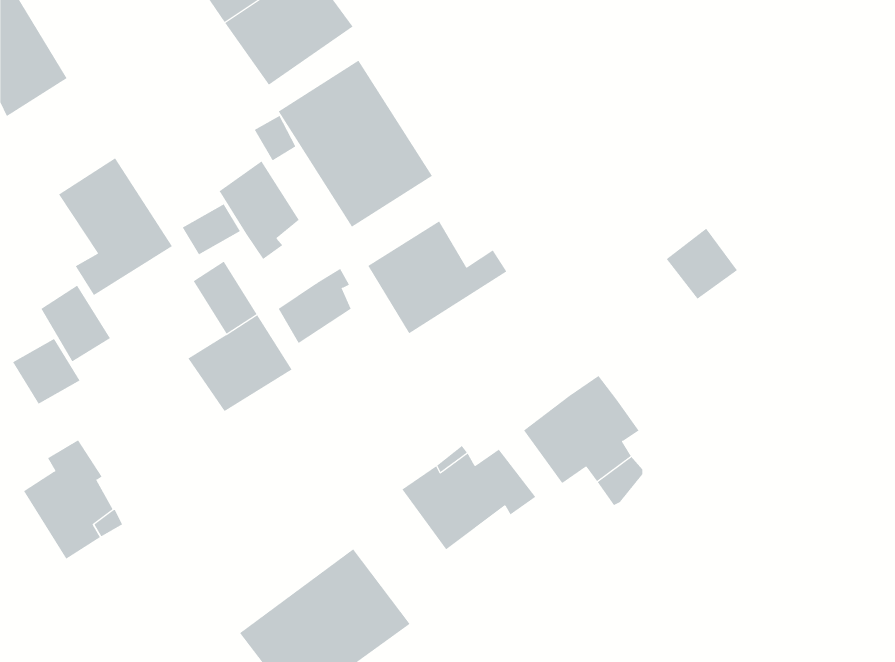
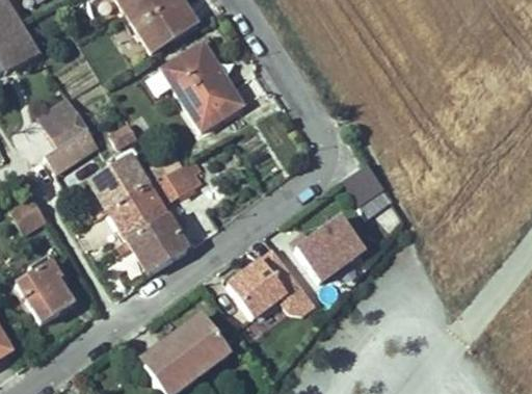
building: [219,161,299,260] -> none
building: [368,221,507,334] -> none
building: [666,228,738,300] -> [343,161,383,202]
building: [41,285,111,362] -> [90,164,130,208]
building: none -> [129,214,188,272]

